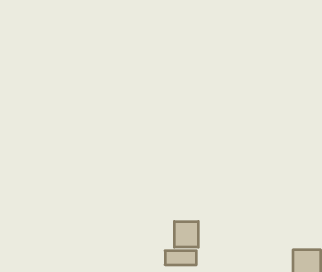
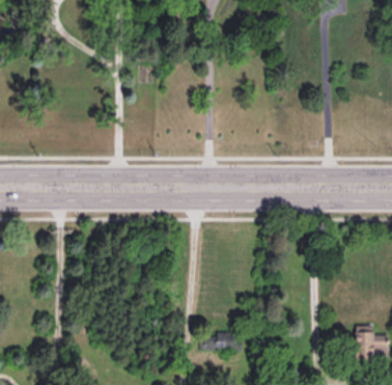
building: [174,221,198,247] -> none

